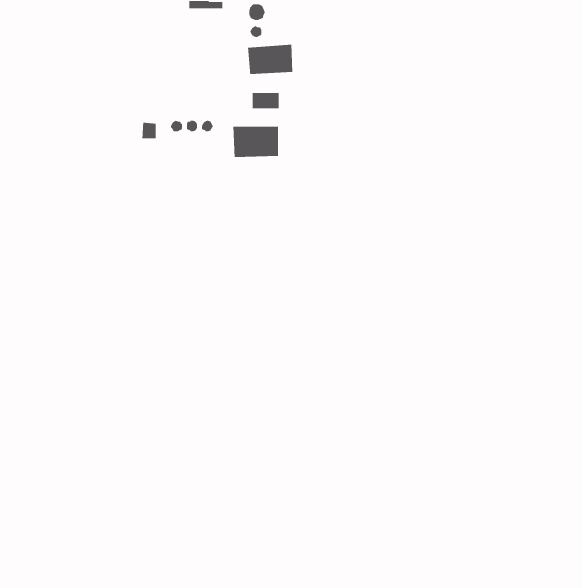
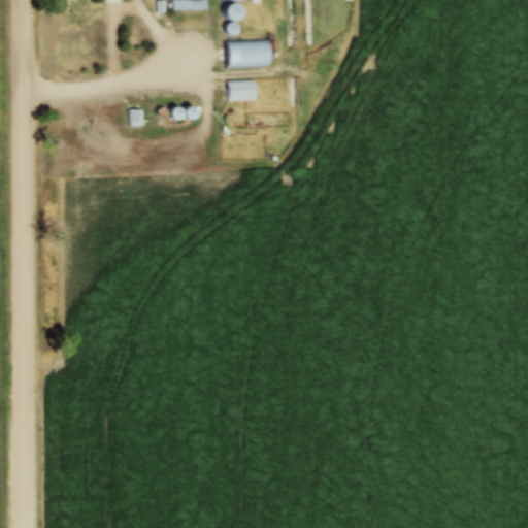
building: [233,126,279,158] -> none

